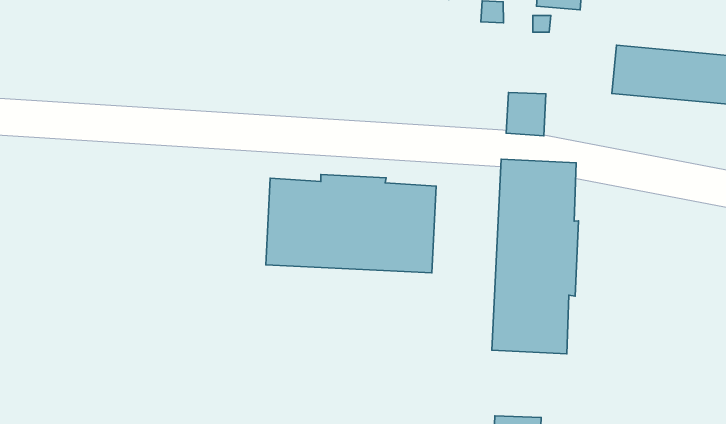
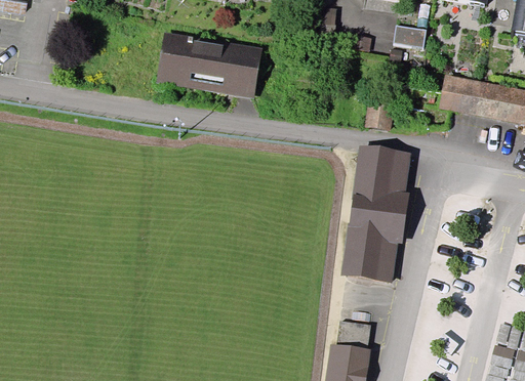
building: none -> [157,33,262,97]
building: [266,175,436,273] -> none

